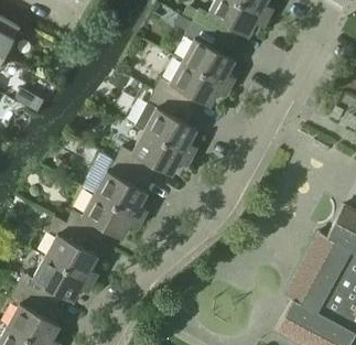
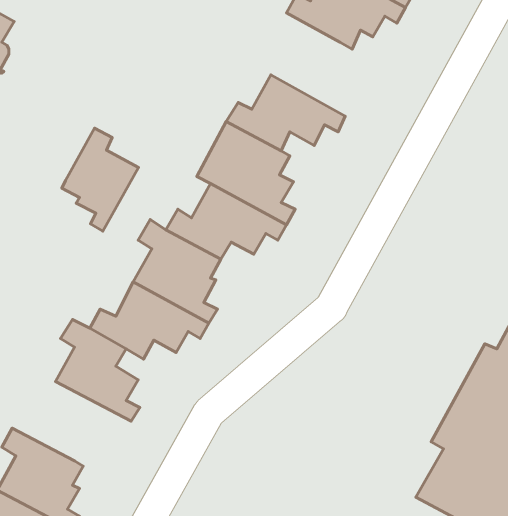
building: [182,21,235,87] -> none
building: none -> [62,128,138,231]
building: [17,257,93,308] -> none

